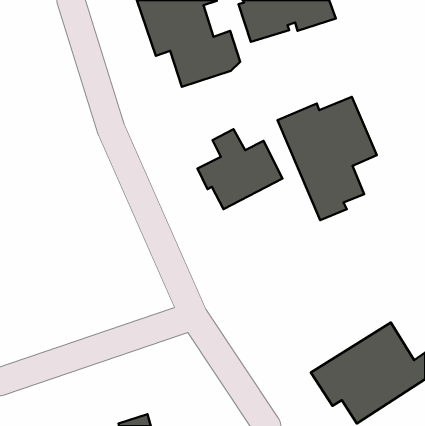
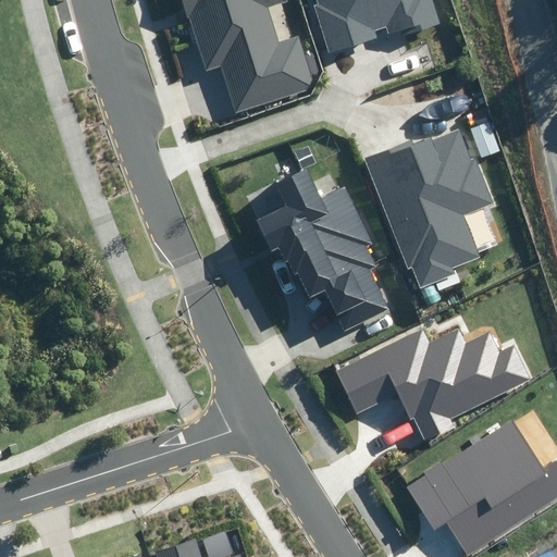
building: none -> [292,233,388,330]
building: none -> [335,326,528,443]

